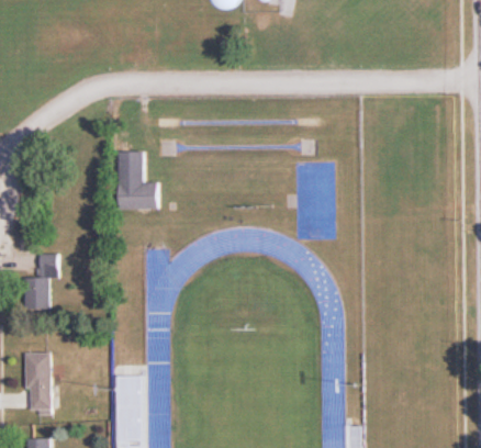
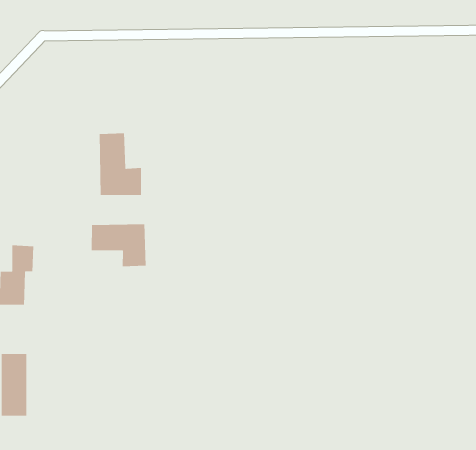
building: none -> [91,223,147,267]

